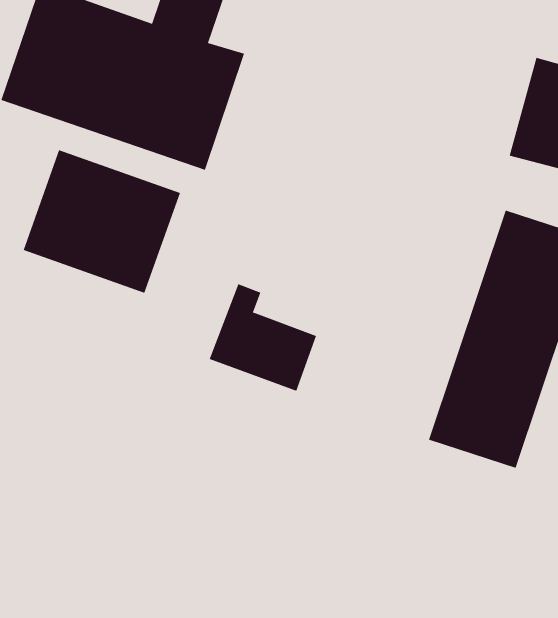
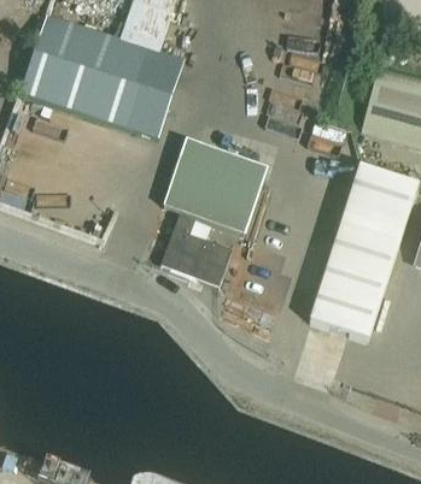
building: [23,150,181,293] -> [164,137,270,234]

